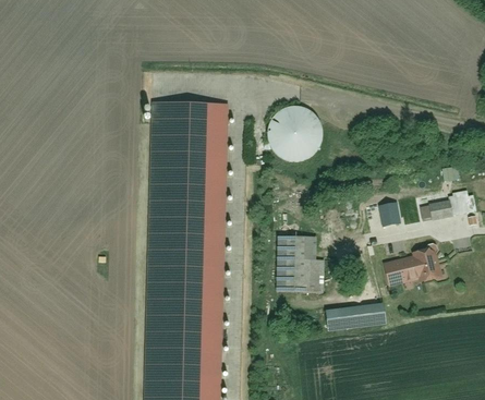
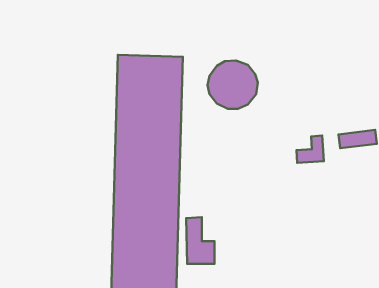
building: [279,231,313,287] -> [186,217,215,264]
building: [377,240,436,281] -> none
building: [326,300,378,323] -> none

